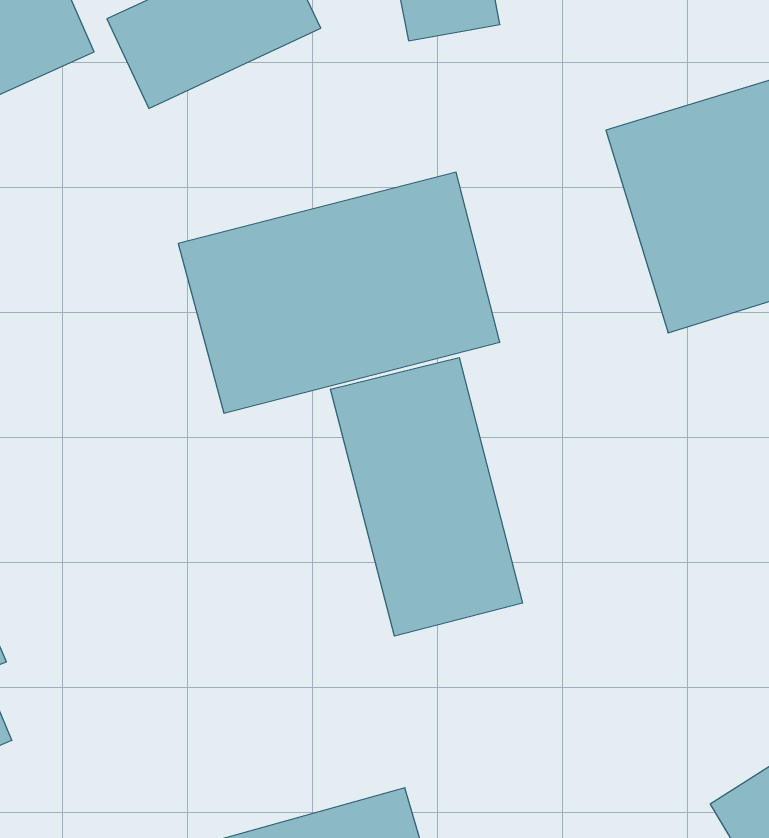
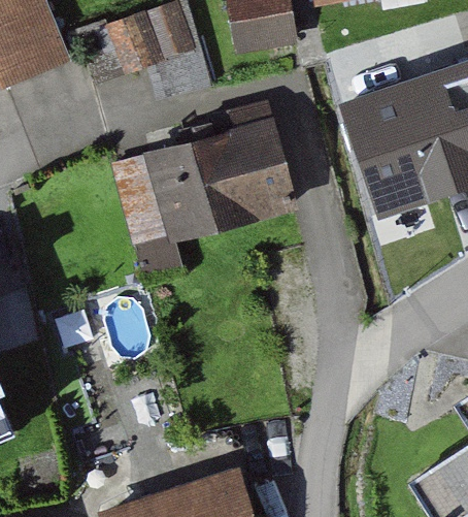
building: [331,358,523,636] -> none

